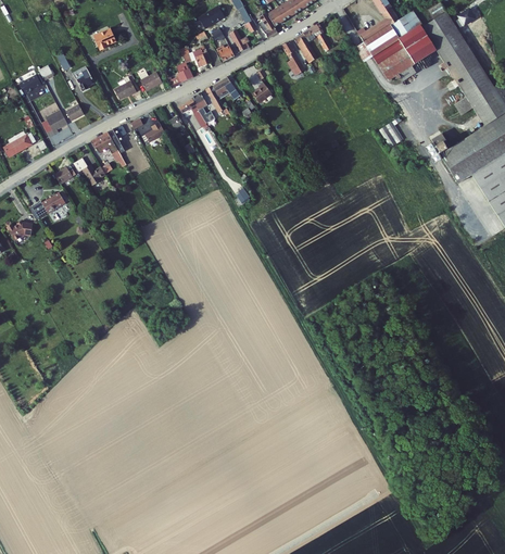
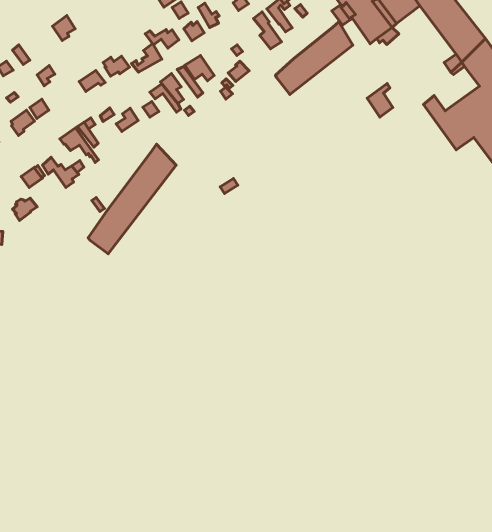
building: none -> [275,22,353,94]
building: none -> [88,144,176,254]

